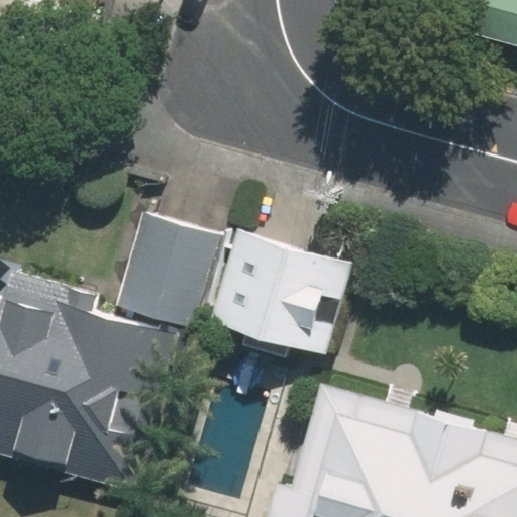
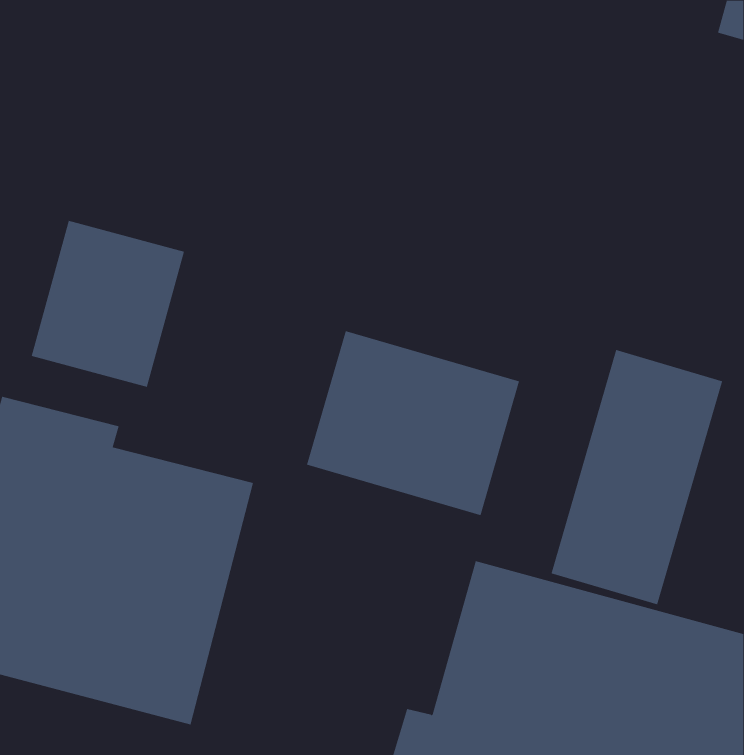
building: [111,214,215,327] -> [31,220,185,388]
building: none -> [551,349,723,605]

